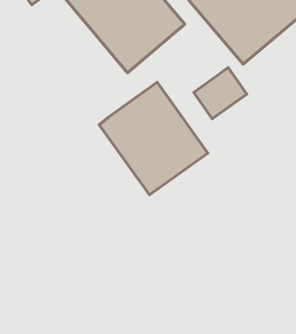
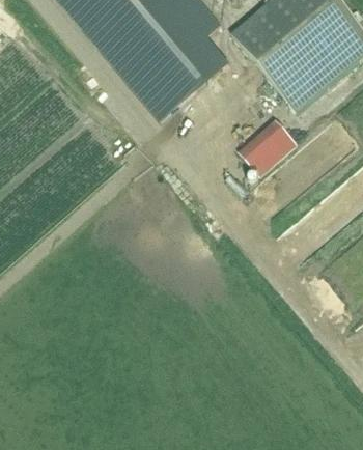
building: [99,82,208,195] -> none

